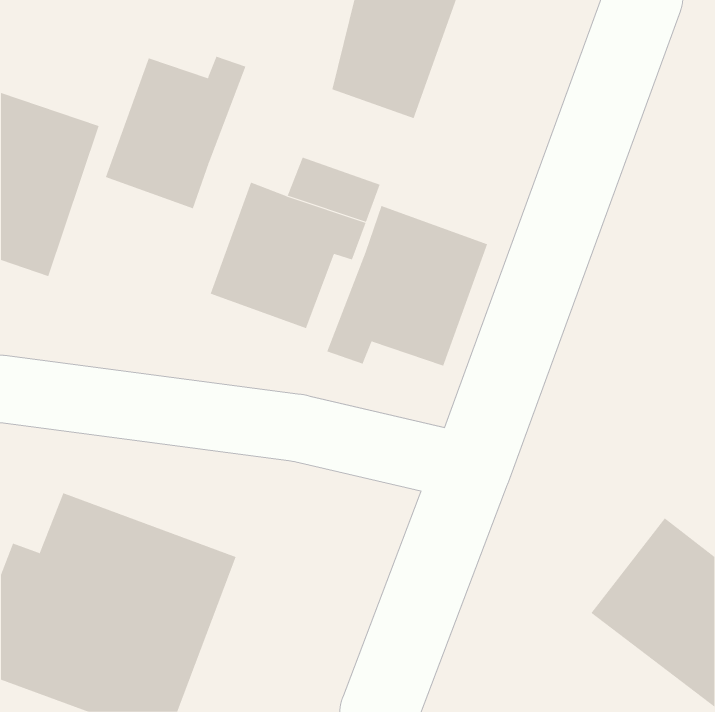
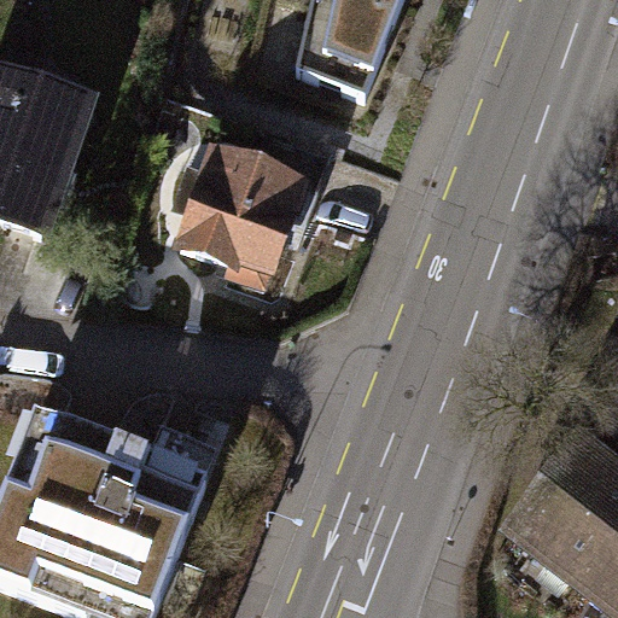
building: [105,56,246,209] -> none
building: [327,205,488,367] -> none

